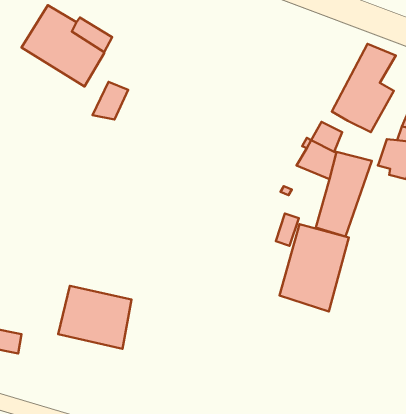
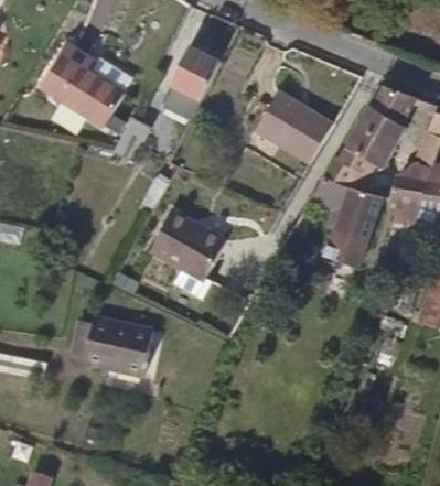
building: none -> [164,48,218,118]
building: none -> [258,95,332,164]
building: none -> [147,207,226,280]
building: [280,224,349,311] -> none

